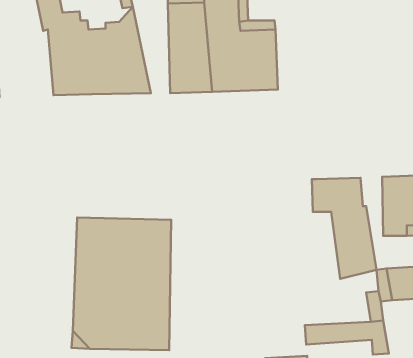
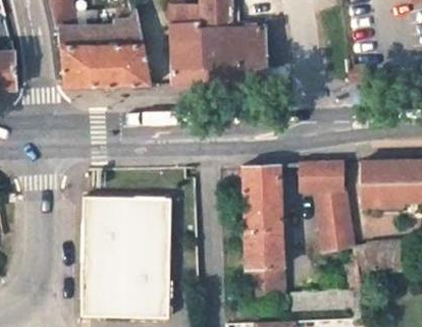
building: none -> [243,163,283,309]

